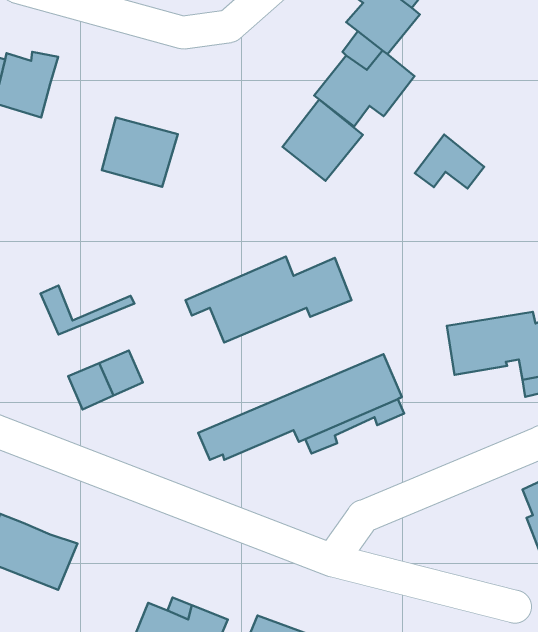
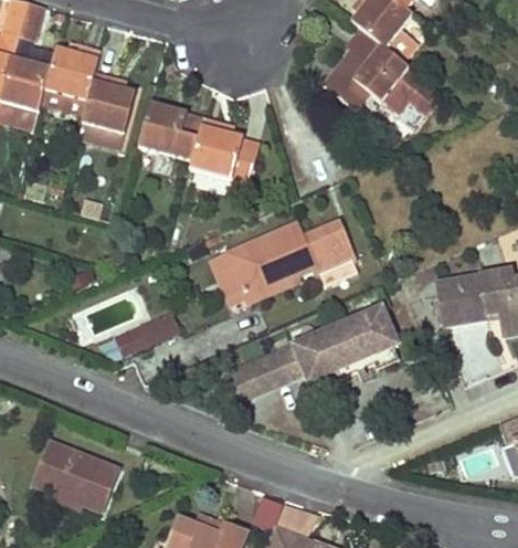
building: none -> [82,74,137,135]
building: [282,99,363,181] -> none
building: none -> [190,117,245,182]
building: [415,135,484,189] -> [382,67,442,114]
building: [40,286,134,335] -> [216,266,297,308]

